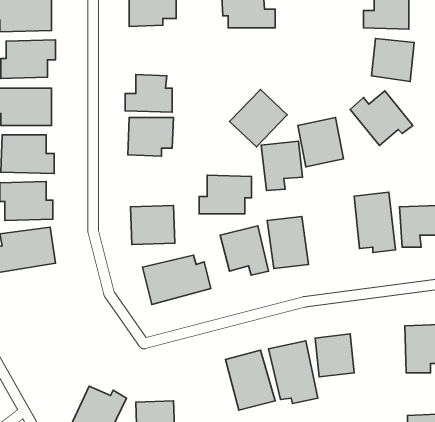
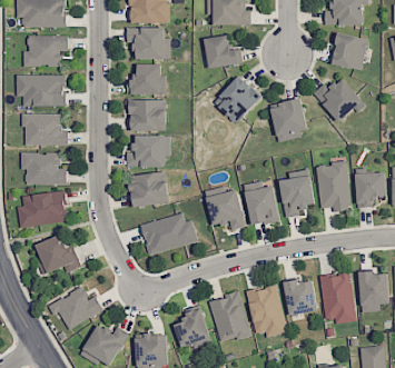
building: none -> [126,27,169,59]
building: none -> [205,36,237,67]
building: [261,141,303,191] -> [279,176,314,217]
building: [199,175,251,214] -> [126,135,169,167]
building: none -> [33,236,79,273]
building: none -> [318,271,356,324]
building: none -> [47,287,102,328]
building: none -> [171,310,209,347]

